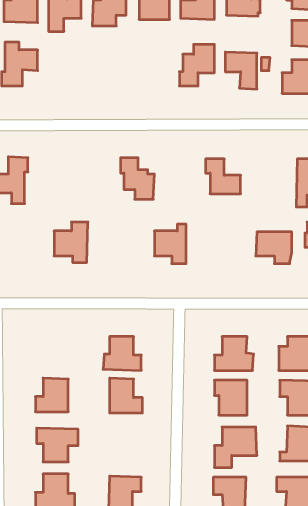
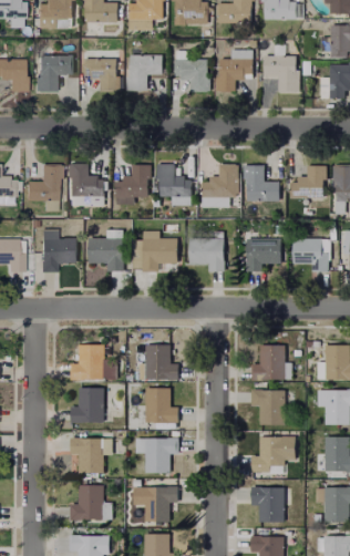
building: none -> [125,48,162,90]
building: none -> [175,50,207,92]
building: none -> [83,59,117,91]
building: none -> [68,164,102,206]
building: none -> [202,164,237,208]
building: none -> [114,165,150,205]
building: none -> [290,165,326,197]
building: none -> [41,228,75,271]
building: none -> [143,231,177,271]
building: none -> [247,238,280,270]
building: none -> [70,344,114,380]
building: none -> [145,439,177,474]

